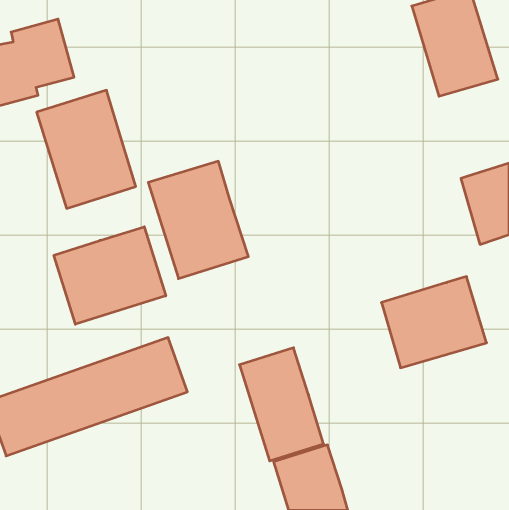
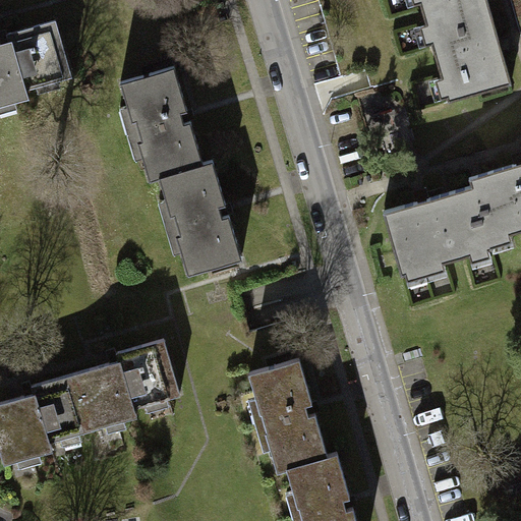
building: [37,90,136,208] -> [114,59,215,179]
building: [54,227,166,324] -> none
building: [381,277,487,368] -> [381,187,487,280]

